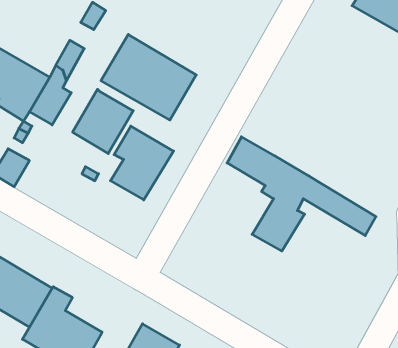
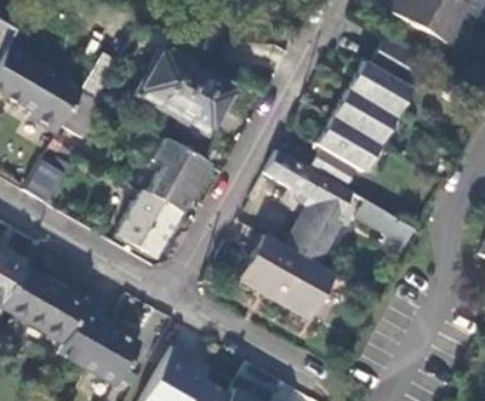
building: none -> [313,41,422,189]
building: [73,89,133,154] -> [118,191,179,257]
building: none -> [240,234,335,319]

